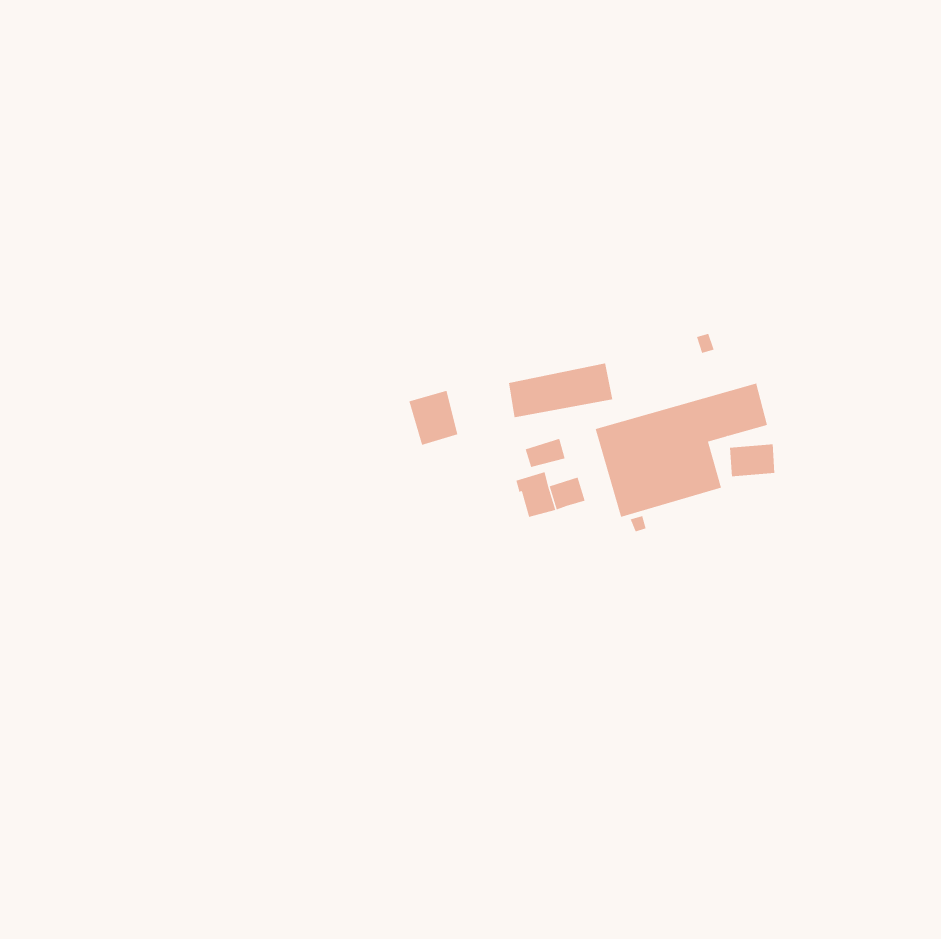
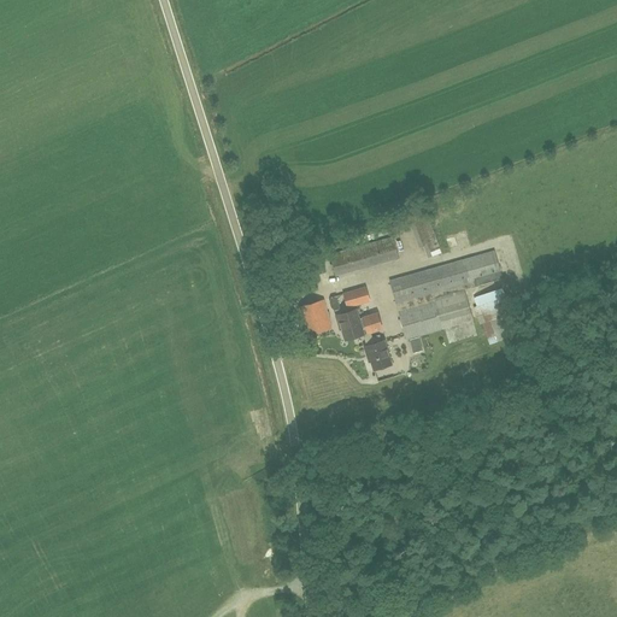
building: [409,390,458,445] -> [299,299,331,335]
building: none -> [364,331,392,369]

